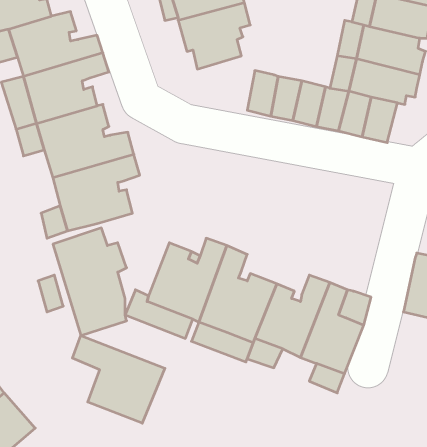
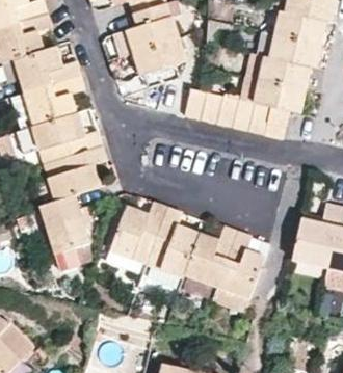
building: [72,335,165,423] -> none

